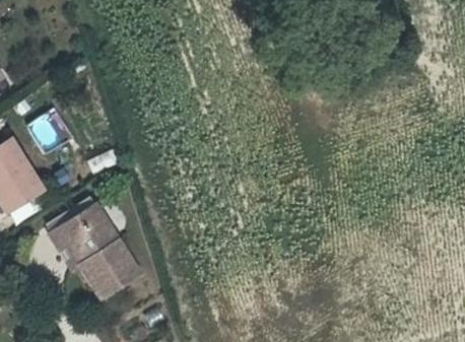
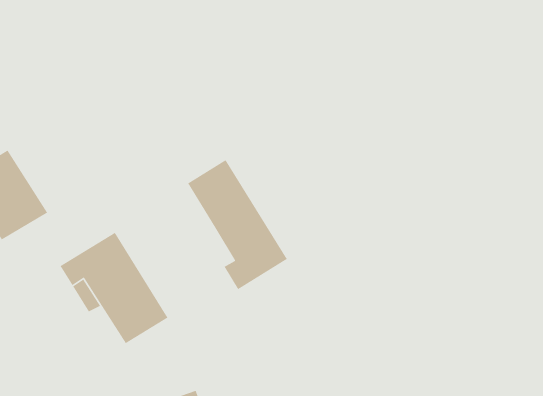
building: none -> [187,159,288,290]

